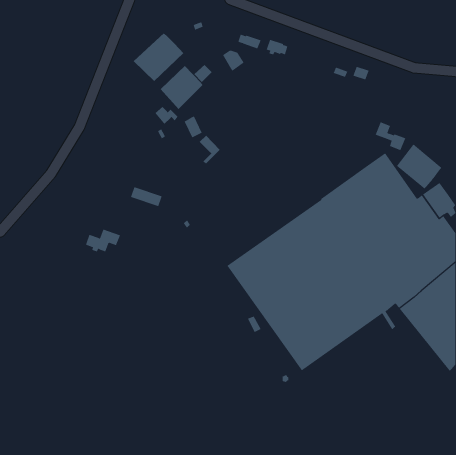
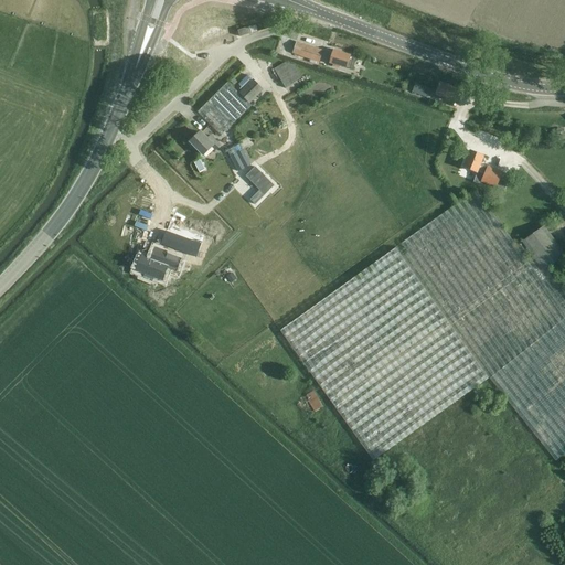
building: [133,32,184,82] -> none
building: [396,143,442,189] -> none
building: [85,229,121,252] -> [137,249,181,278]

